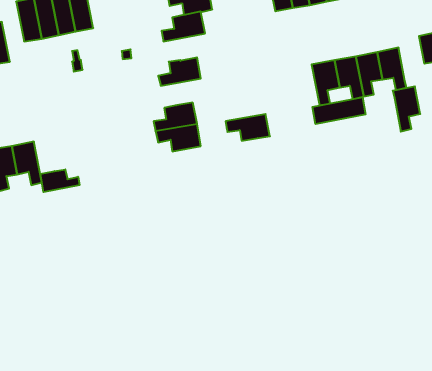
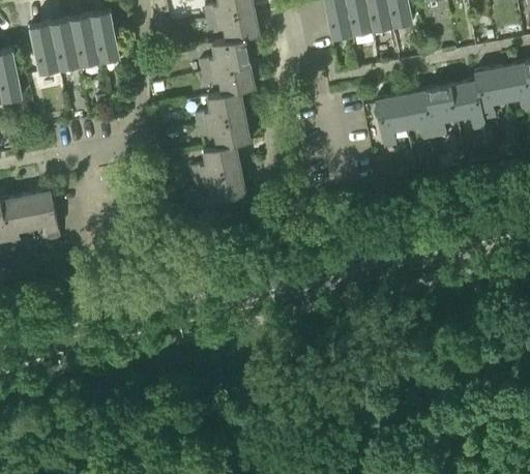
building: none -> [202,65,255,97]
building: [393,86,420,132] -> [474,68,506,121]
building: [312,97,366,124] -> none
building: [226,114,270,141] -> [199,118,251,149]
building: [41,169,80,192] -> none

